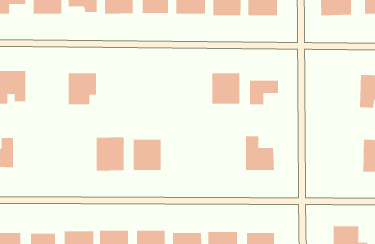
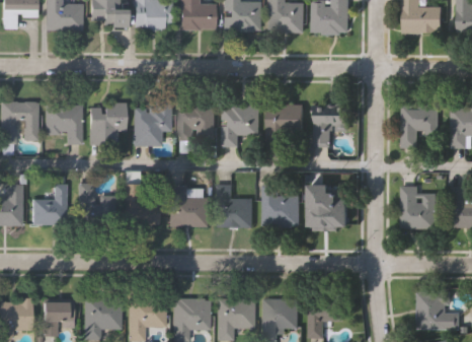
building: none -> [177,101,214,141]
building: none -> [222,102,258,144]
building: none -> [45,104,82,143]
building: none -> [133,104,170,145]
building: none -> [400,107,437,148]
building: none -> [78,183,114,222]
building: none -> [31,184,67,223]
building: none -> [216,184,252,226]
building: none -> [262,186,299,227]
building: none -> [399,186,435,228]

